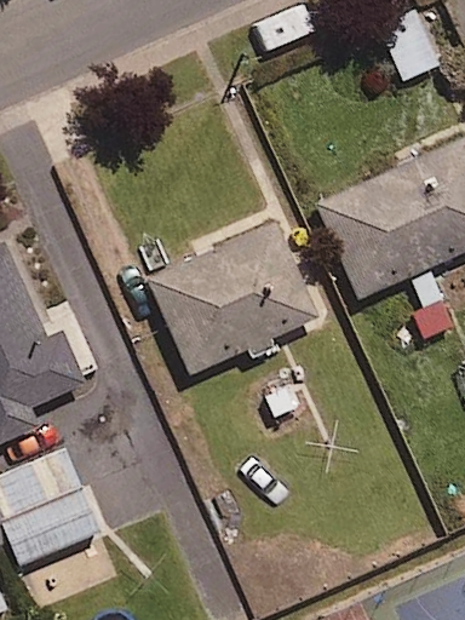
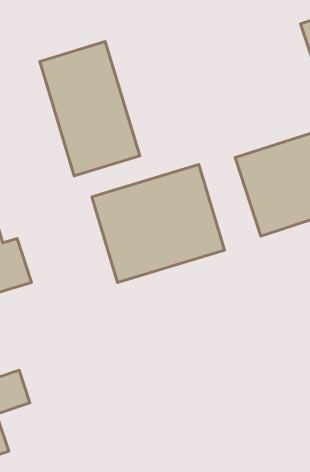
building: none -> [40,42,140,176]

